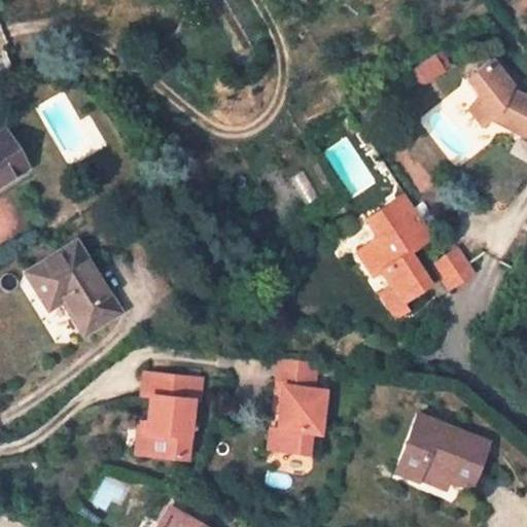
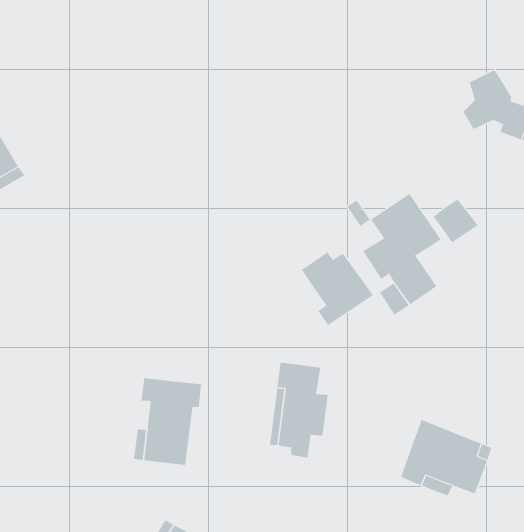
building: [29,243,118,331] -> none
building: [435,247,480,290] -> [433,199,478,243]
building: none -> [301,252,374,326]

